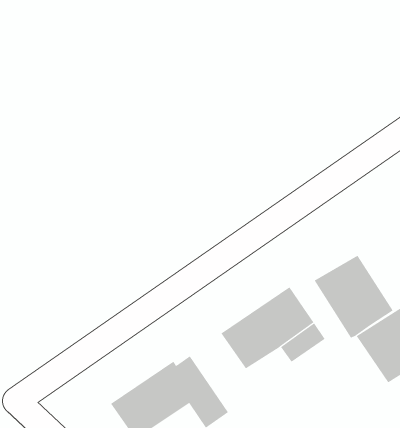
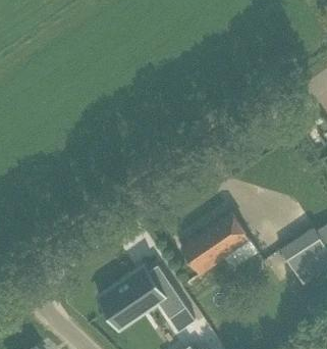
building: [314,255,394,339] -> none

